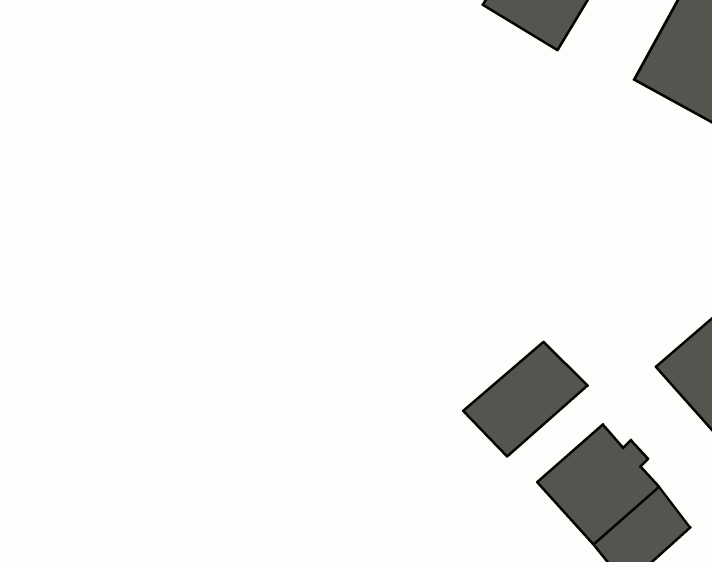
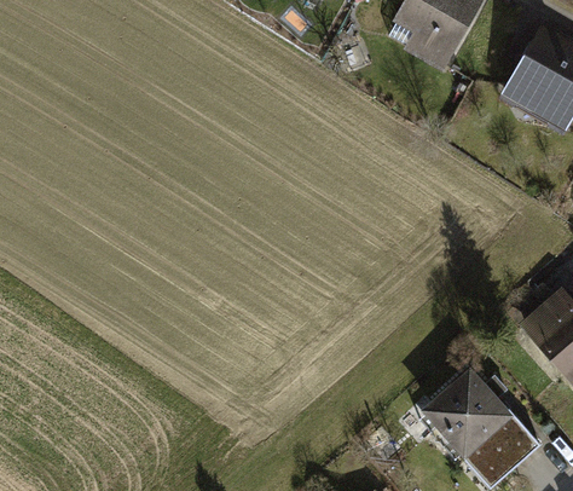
building: [463,342,588,456] -> none

